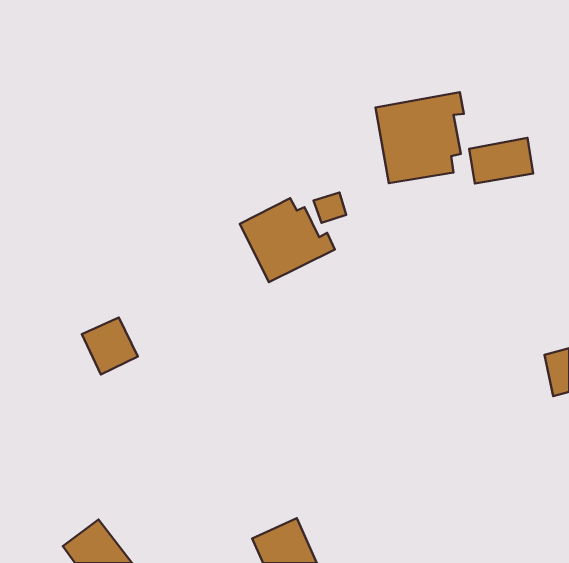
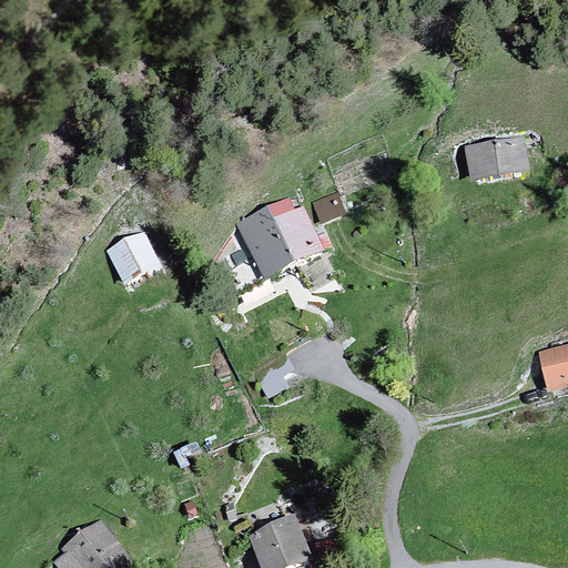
building: [376,92,464,183] -> none
building: [82,317,138,374] -> [105,231,161,287]

